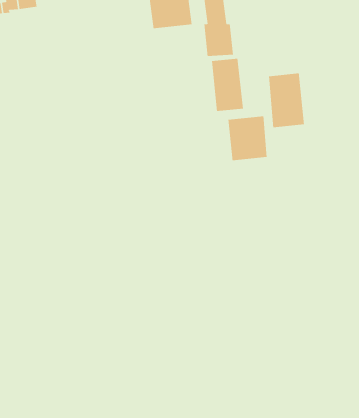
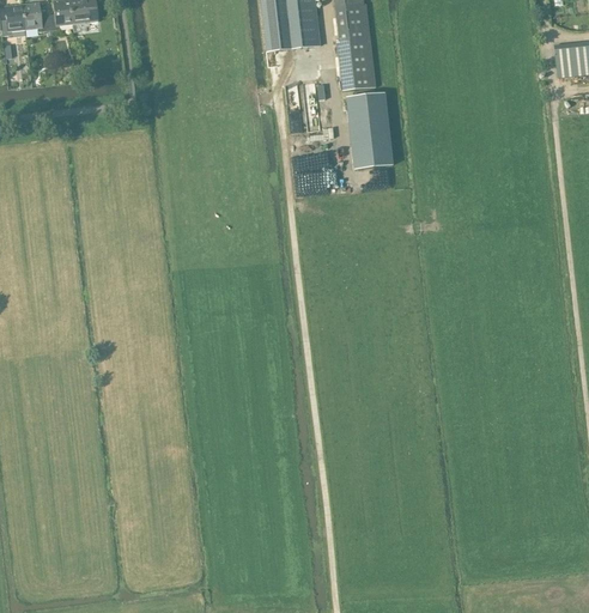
building: [269,73,305,128] -> none
building: [228,116,267,161] -> none

